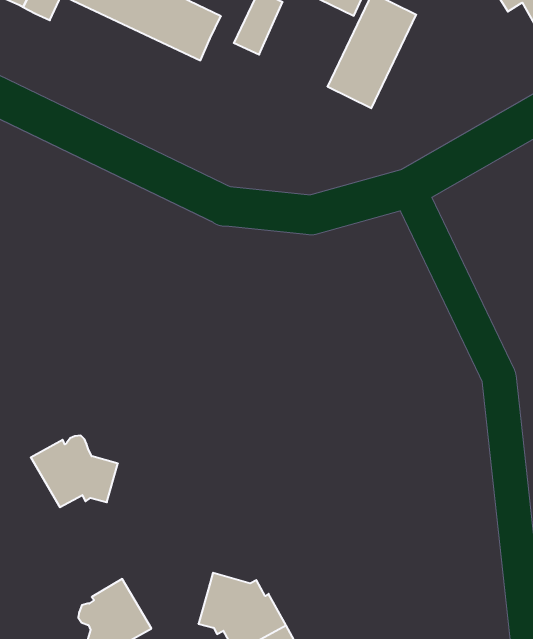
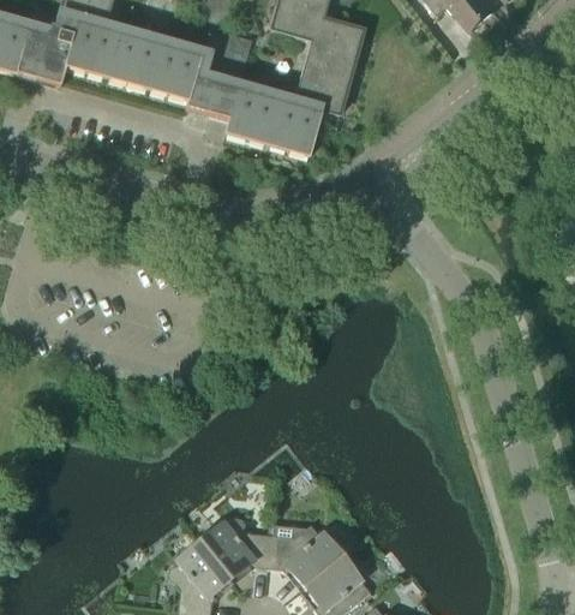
building: none -> [187,78,322,154]
building: [31,436,118,507] -> [199,514,272,577]

